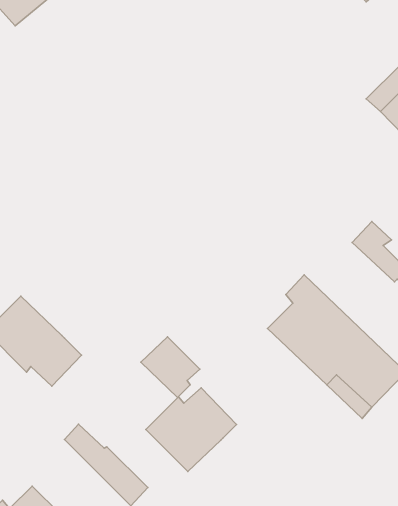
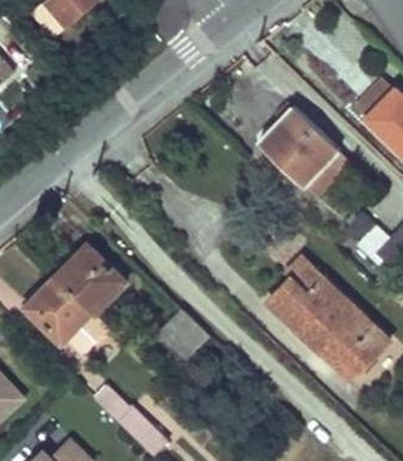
building: none -> [260,108,336,184]
building: none -> [57,241,125,310]
building: [146,388,237,471] -> none

